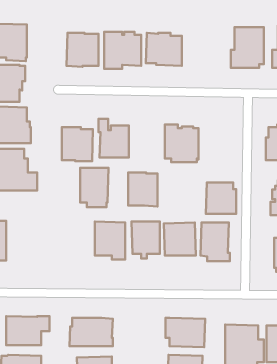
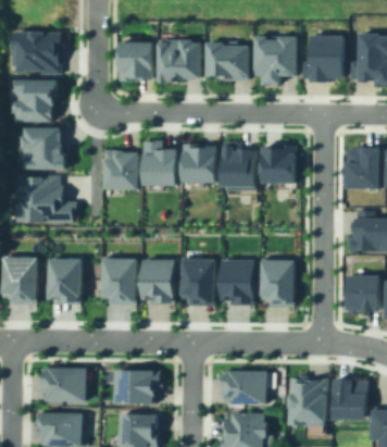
building: none -> [247,36,289,84]
building: [80,168,109,207] -> [104,259,137,305]
building: [128,173,157,207] -> [185,144,219,183]
building: [206,183,236,214] -> [263,146,298,182]
building: none -> [48,259,83,303]

